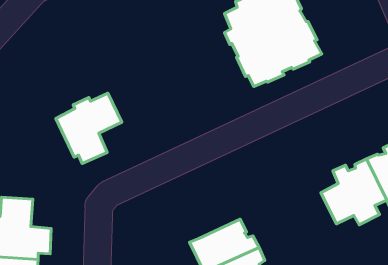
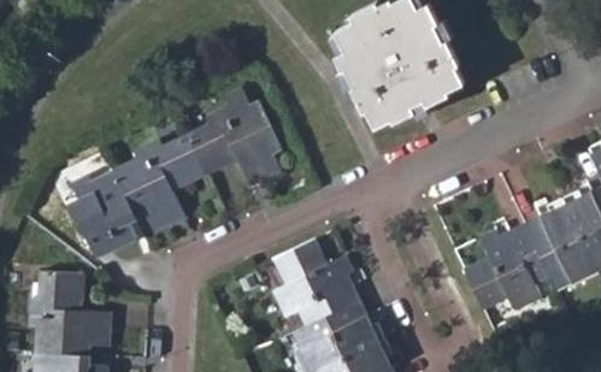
building: none -> [183,90,279,182]
building: none -> [70,169,139,254]
building: none -> [271,240,357,326]

